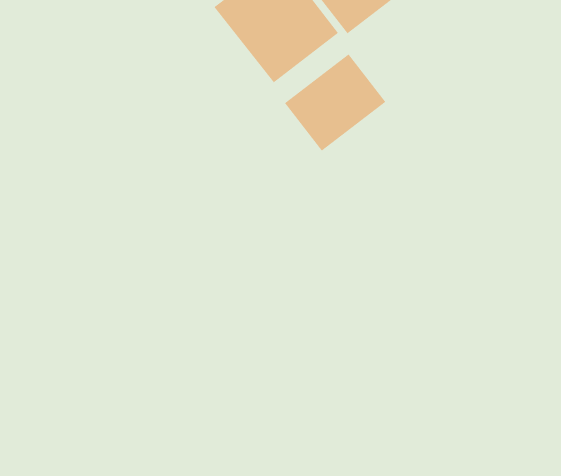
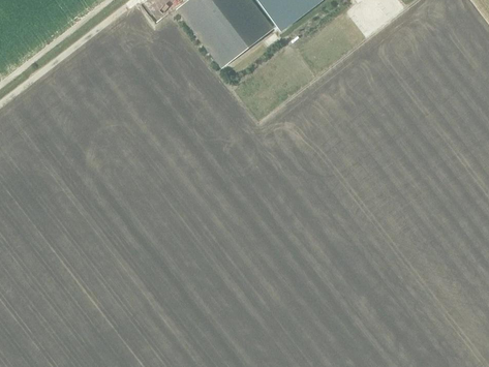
building: [284,53,386,152] -> none

